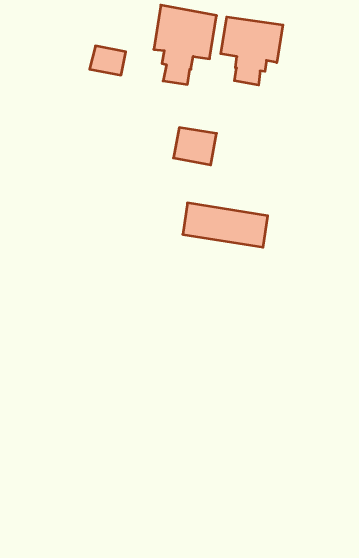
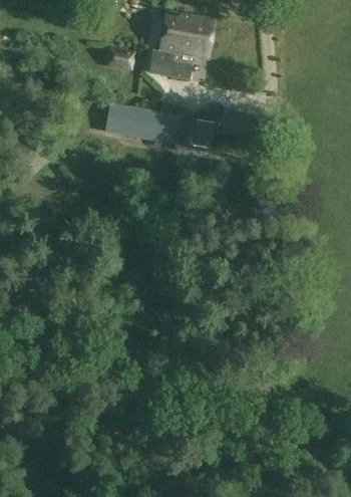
building: [221,17,283,85] -> none
building: [183,203,268,247] -> [103,104,177,143]

